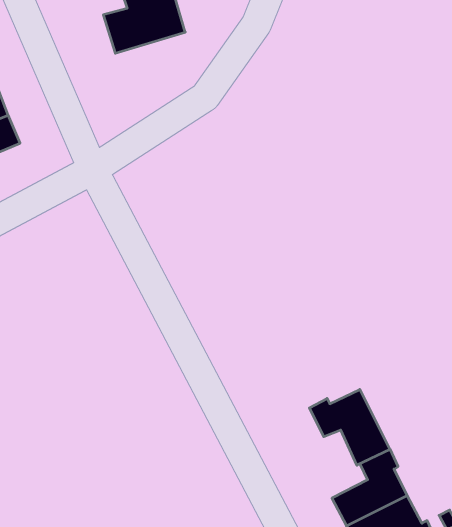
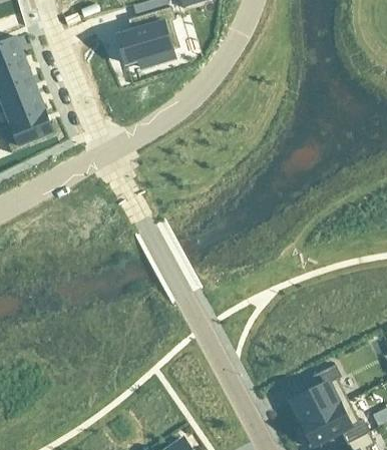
building: [309,389,390,465] -> none

